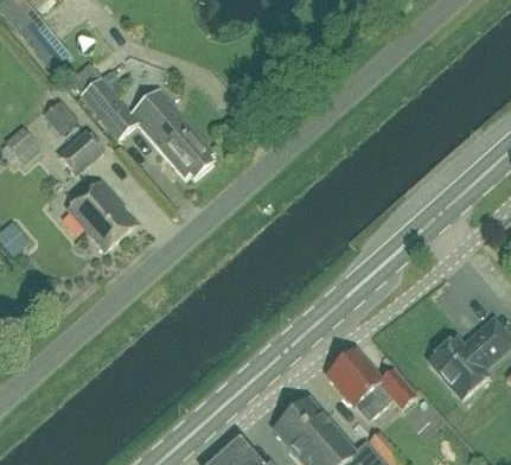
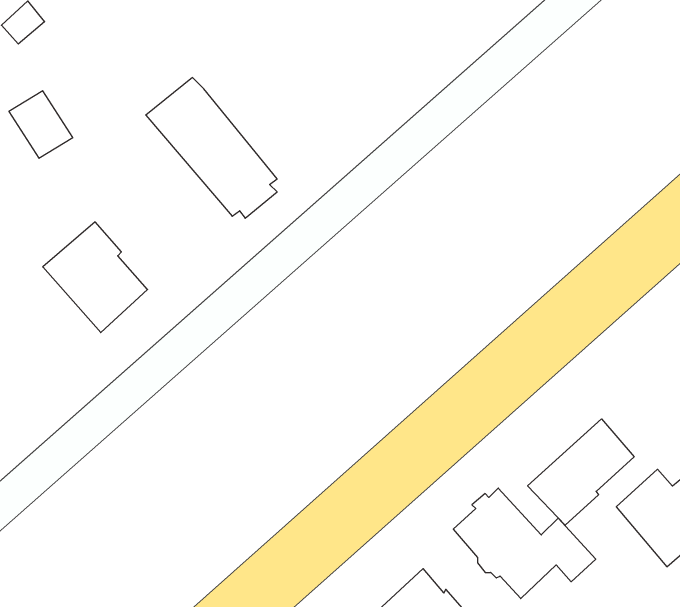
building: [79,68,138,138] -> none
building: [57,129,102,173] -> none
building: none -> [528,419,634,525]

